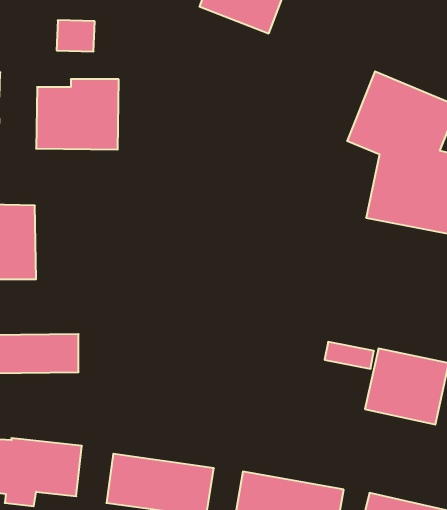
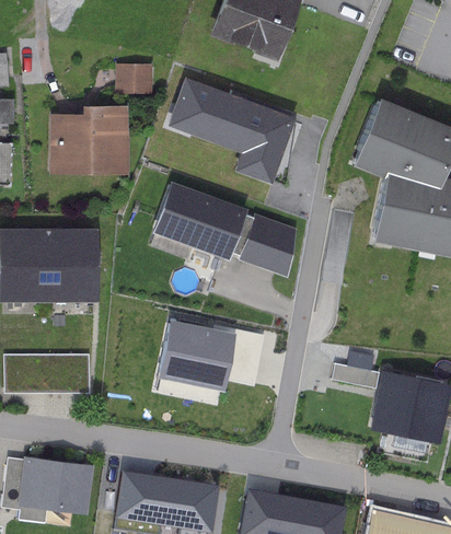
building: [57,20,95,51] -> [116,63,153,94]
building: none -> [165,76,297,184]
building: none -> [151,181,298,278]
building: none -> [47,228,97,301]
building: none -> [163,325,255,392]

